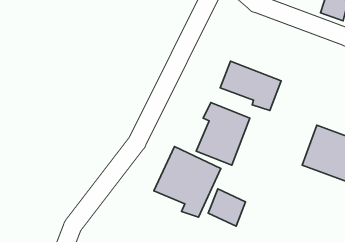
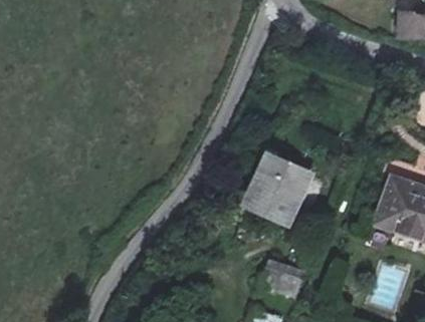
building: [220,61,281,111] -> none
building: [154,147,221,217] -> none

